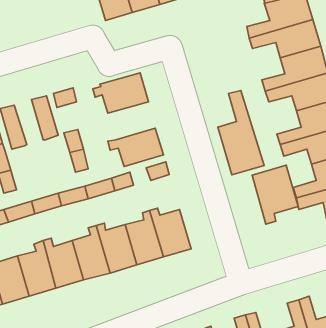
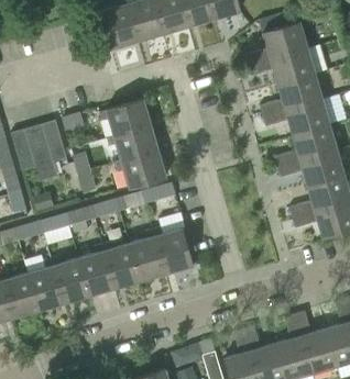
building: [218,90,264,175] -> none
building: none -> [24,124,58,183]
building: none -> [107,126,158,163]
building: [252,165,298,224] -> none

